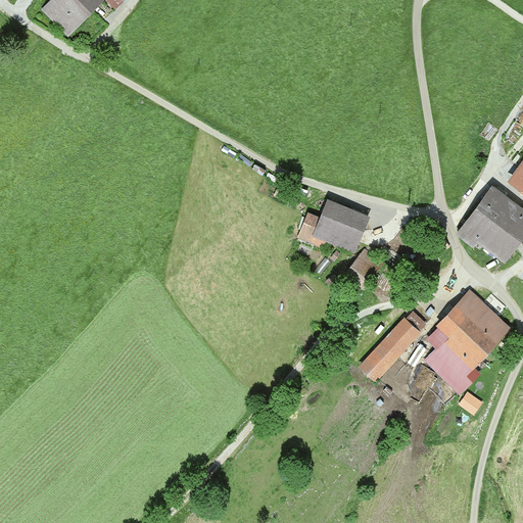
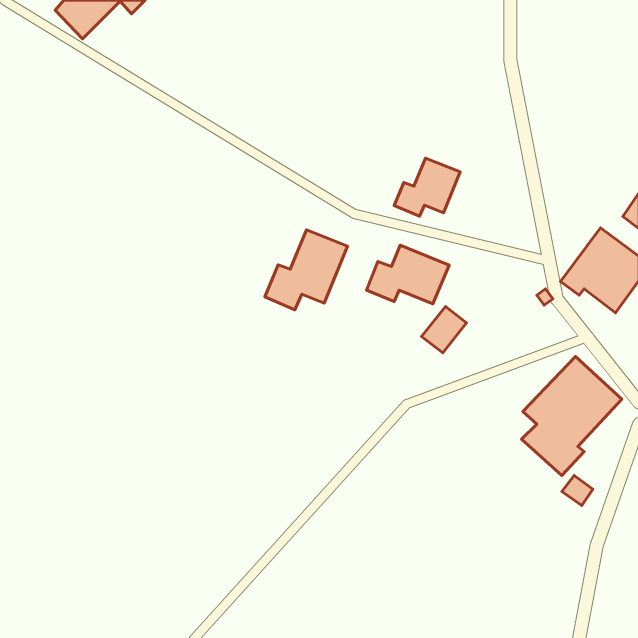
building: none -> [394,158,460,216]
building: none -> [265,230,348,310]
building: [360,319,419,377] -> none

